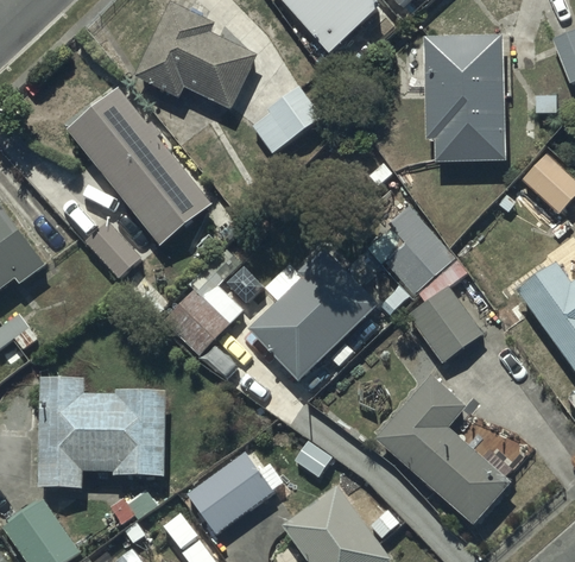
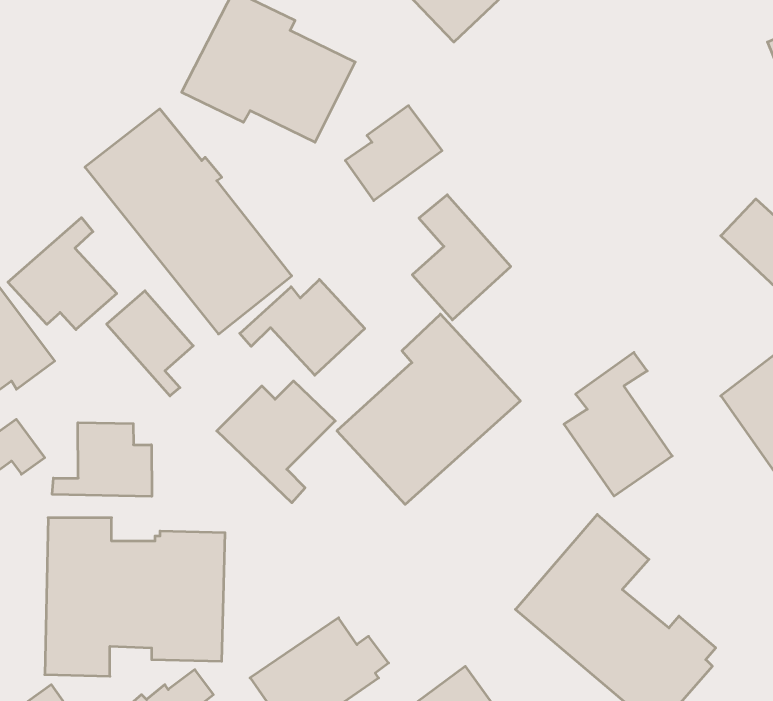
building: [424,38,505,166] -> none
building: none -> [8,218,117,330]
building: [384,198,454,288] -> [412,195,511,320]
building: none -> [240,279,365,375]
building: none -> [52,423,152,496]

